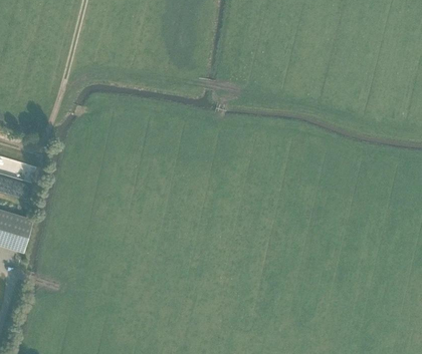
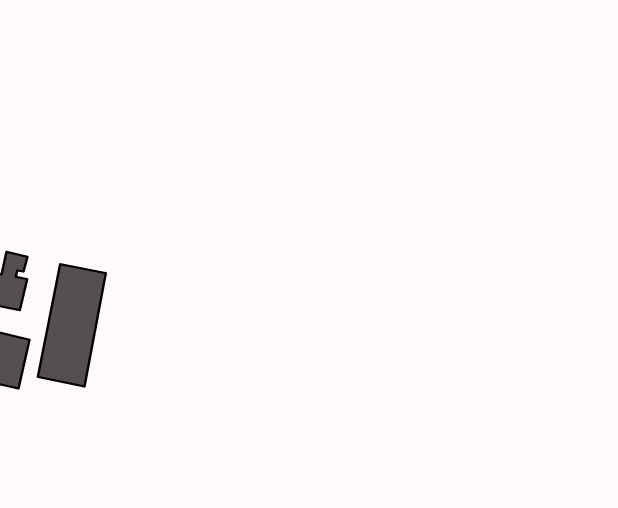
building: none -> [38,264,106,386]

